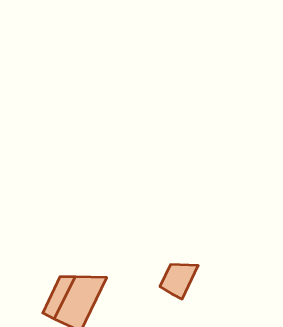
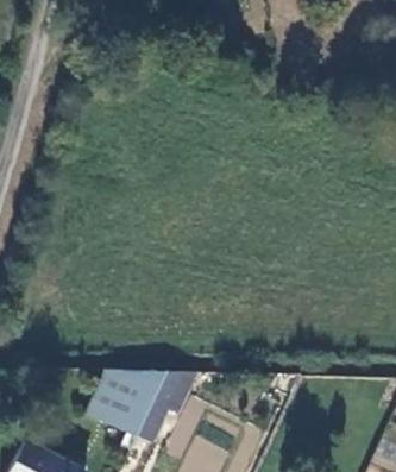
building: [160,265,198,299] -> [147,371,195,414]

